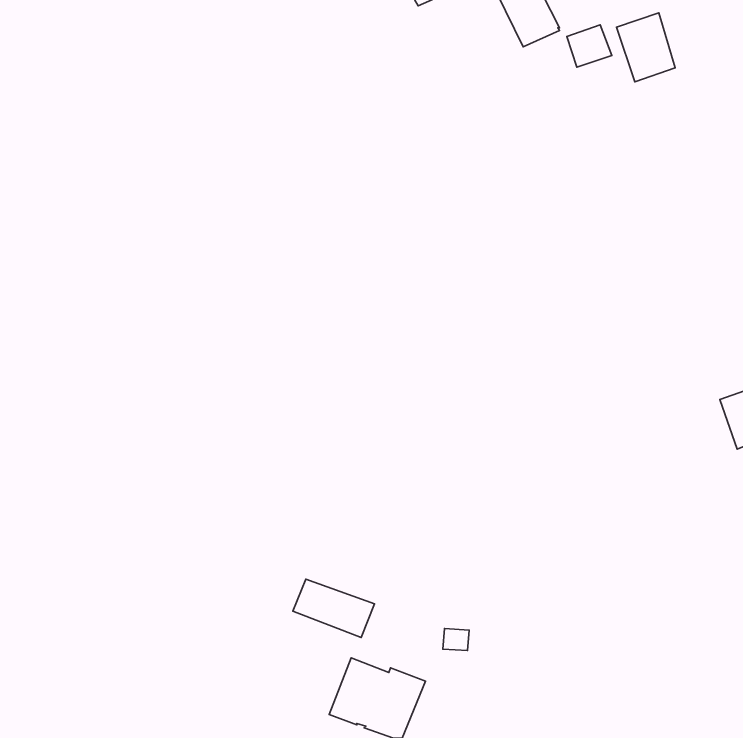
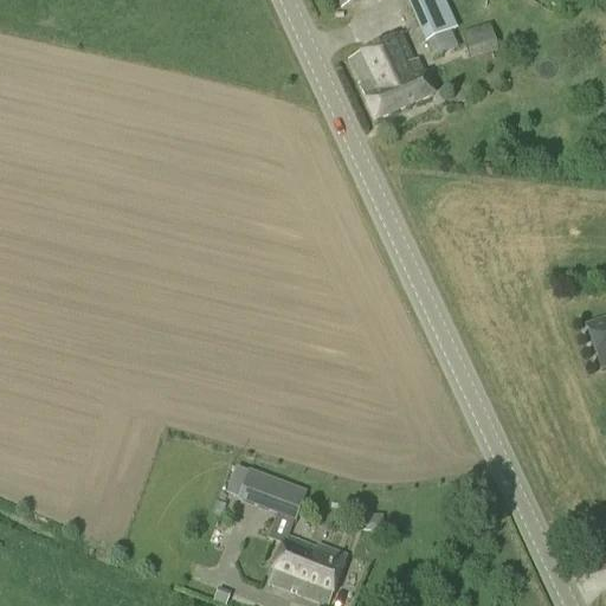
building: [617,13,675,82] -> none
building: none -> [348,32,432,118]

